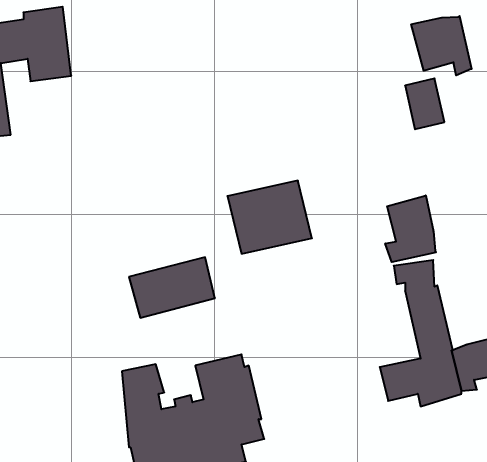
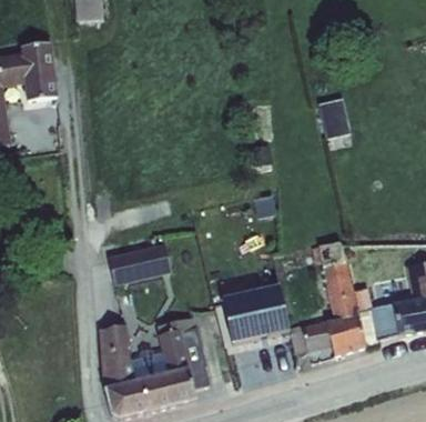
building: [411,16,472,75] -> none
building: [227,181,312,254] -> [223,283,290,341]
building: [385,195,436,262] -> none

